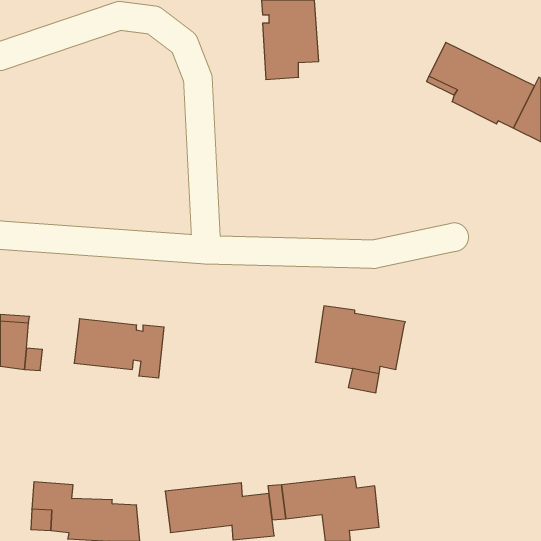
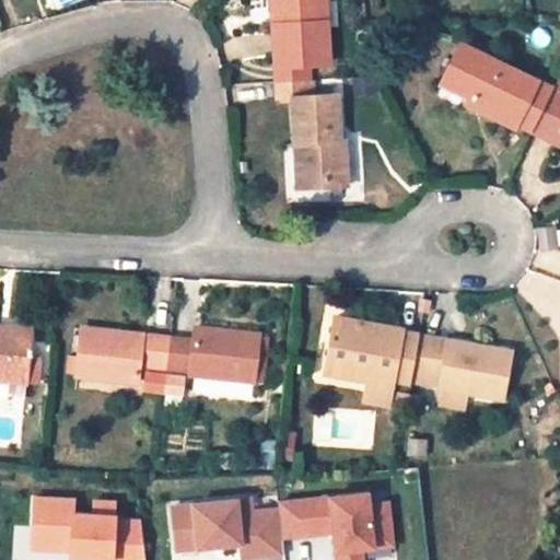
building: none -> [275,79,347,187]
building: none -> [164,327,259,393]
building: none -> [409,335,510,399]

